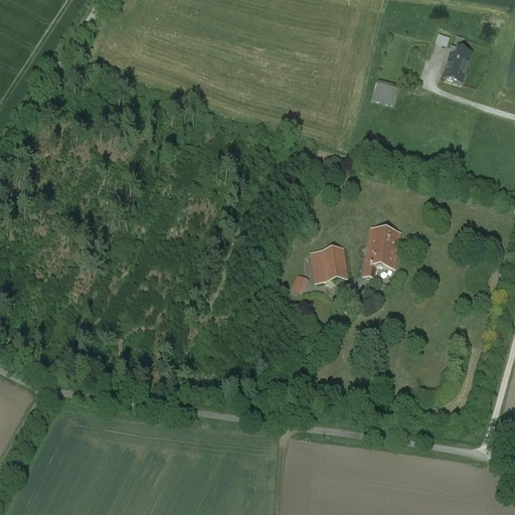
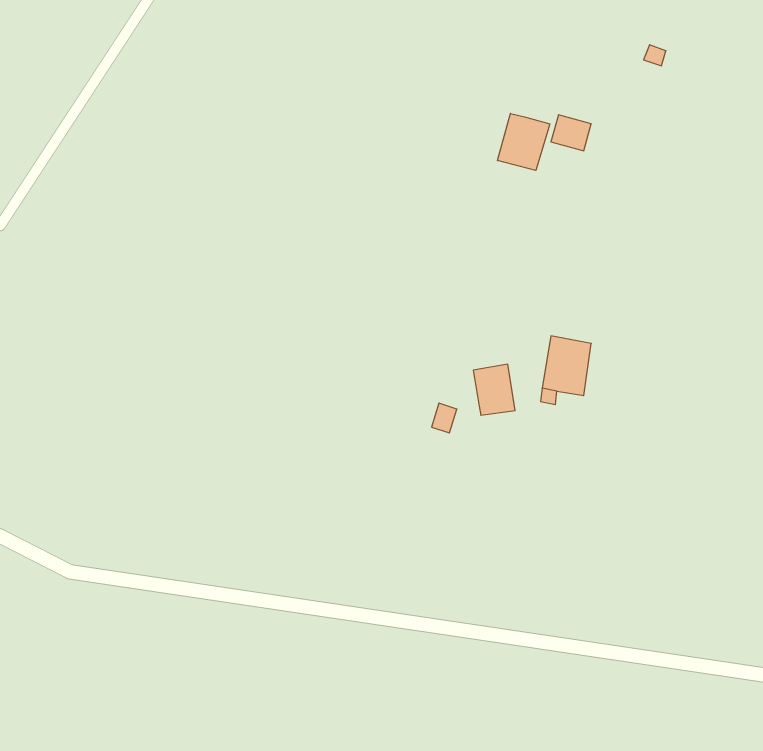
building: [443,53,467,81] -> none
building: none -> [498,113,550,170]

